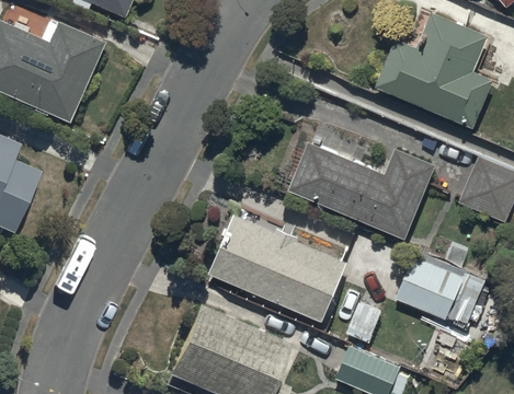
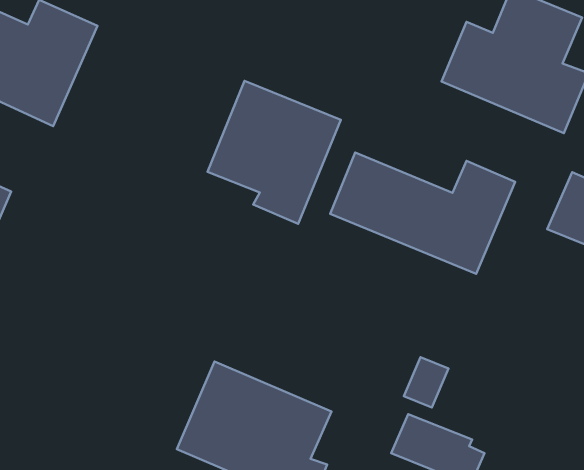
building: none -> [207,81,341,224]
building: [212,215,347,322] -> none
building: [398,257,464,320] -> none

